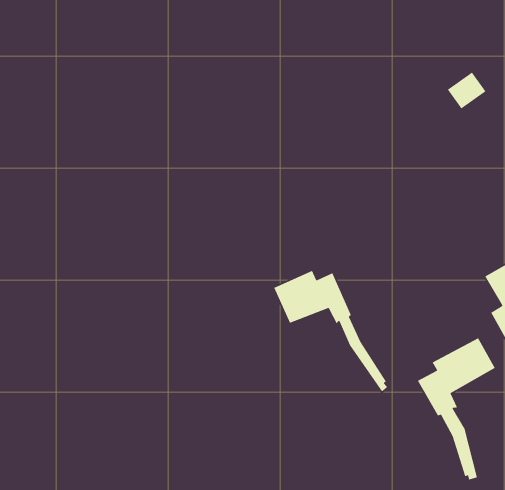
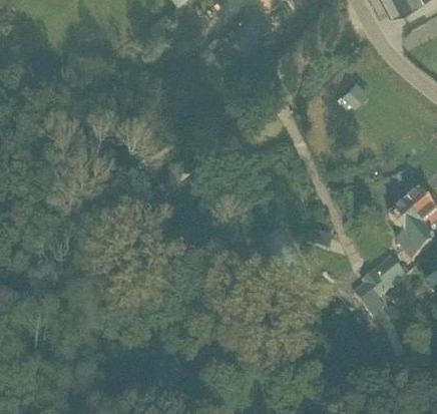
building: [273,270,388,392] -> none

